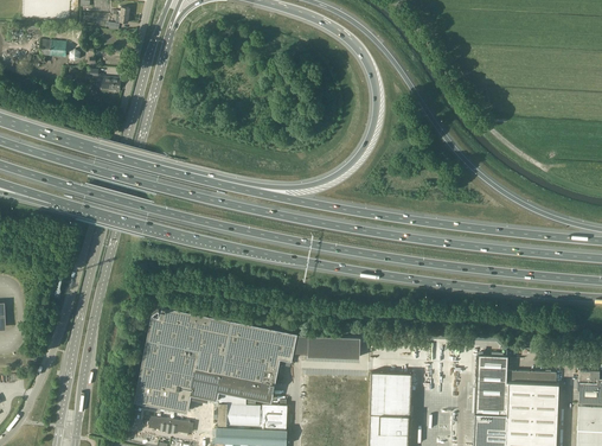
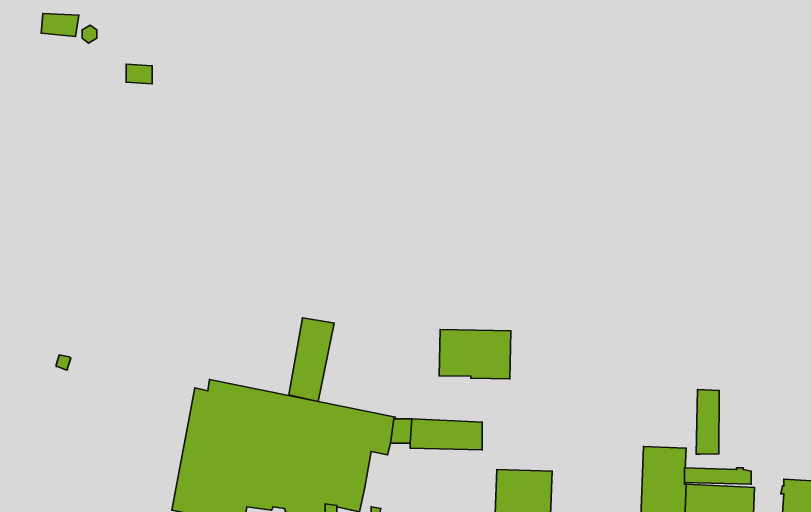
building: none -> [289,318,334,402]
building: none -> [439,329,511,379]
building: none -> [696,389,719,454]

